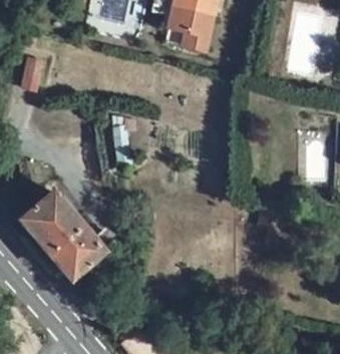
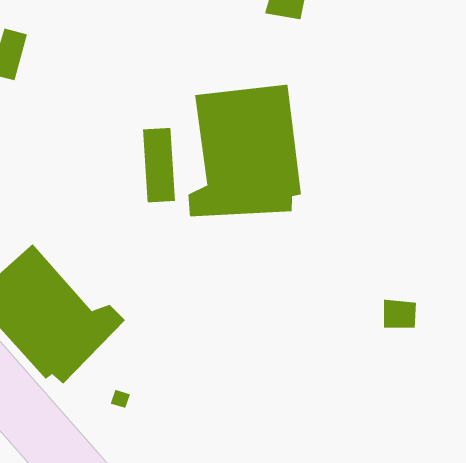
building: none -> [188,84,302,217]

